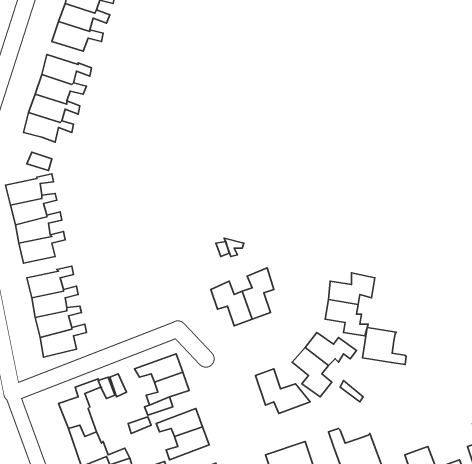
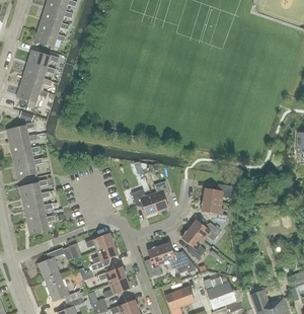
building: [362,327,406,364] -> none
building: none -> [146,245,165,277]

